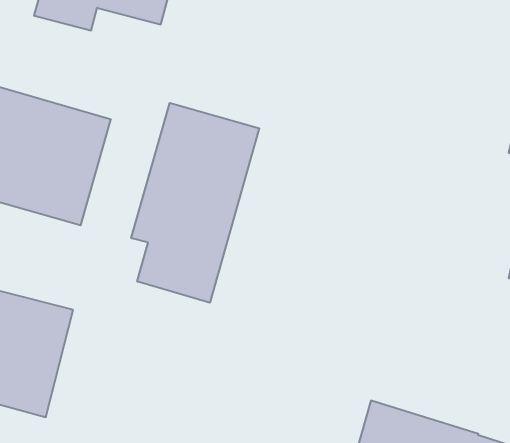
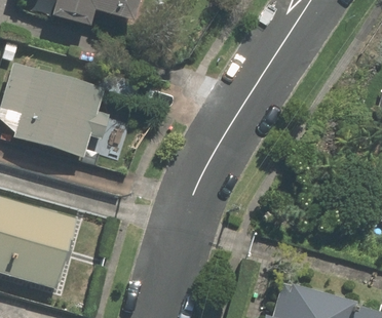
building: [131,103,259,303] -> none

